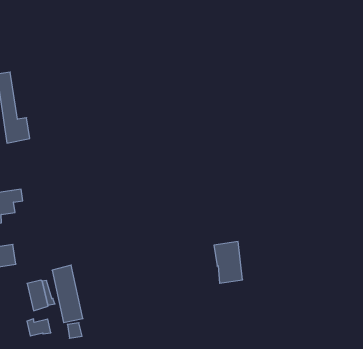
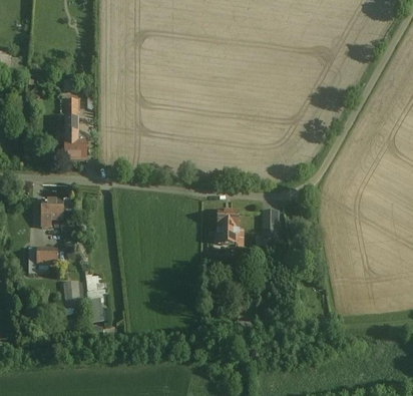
building: none -> [263,211,277,237]
building: [214,242,243,283] -> [218,211,239,244]

